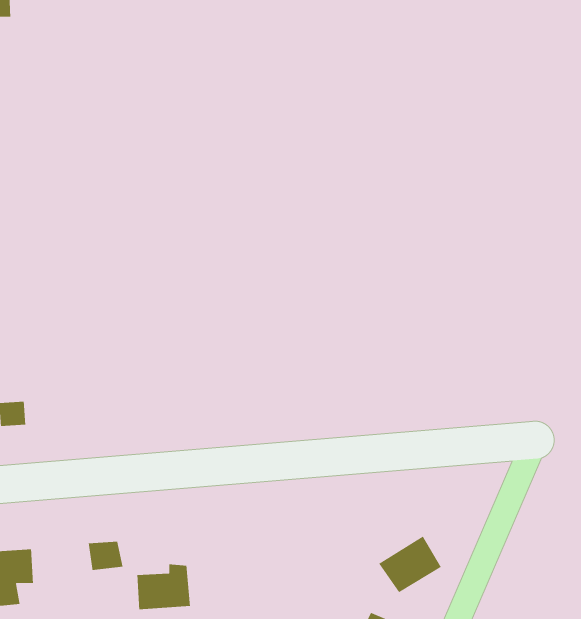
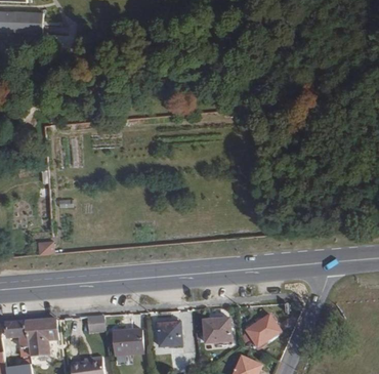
building: none -> [204,320,230,343]
building: none -> [157,323,182,347]

